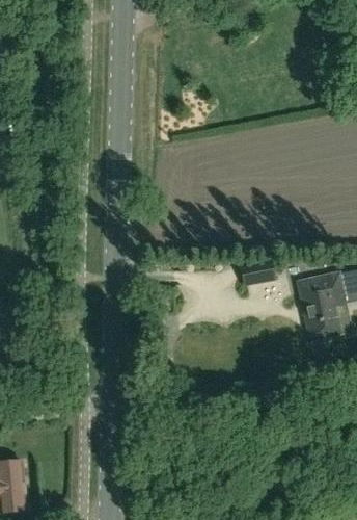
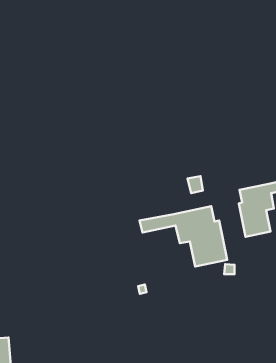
building: none -> [139,206,227,266]

